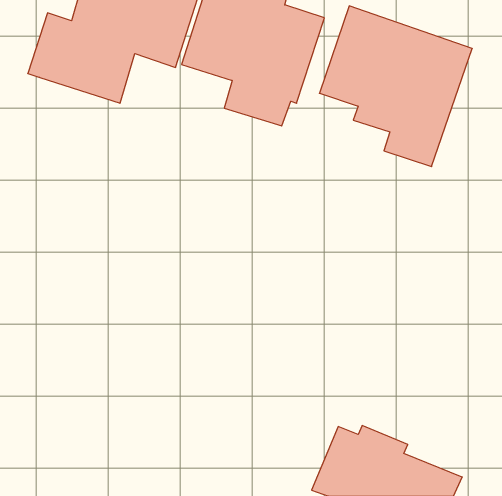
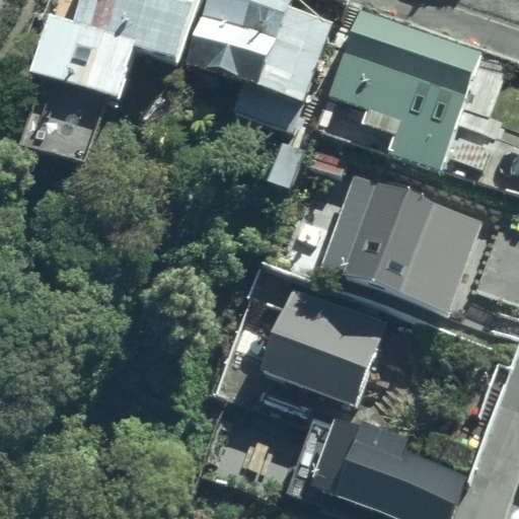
building: none -> [319,175,481,312]
building: none -> [262,285,385,403]

